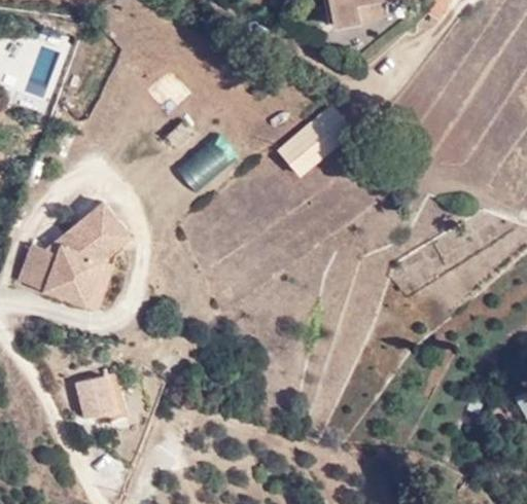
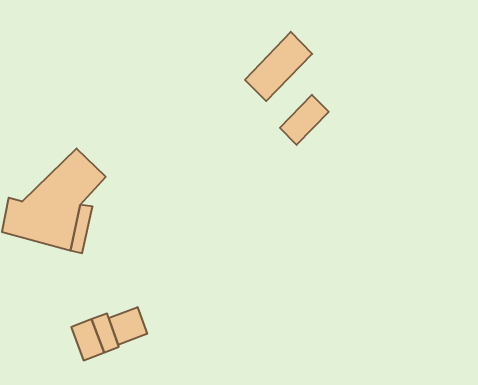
building: none -> [280,95,329,145]
building: none -> [109,307,147,345]

